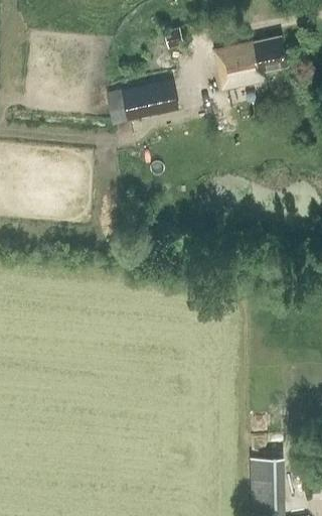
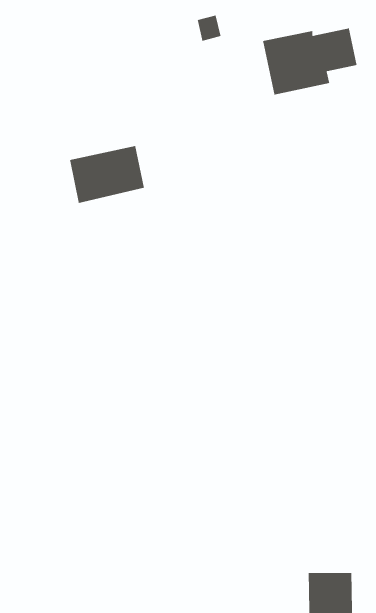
building: [121,78,179,123] -> [69,145,145,204]

